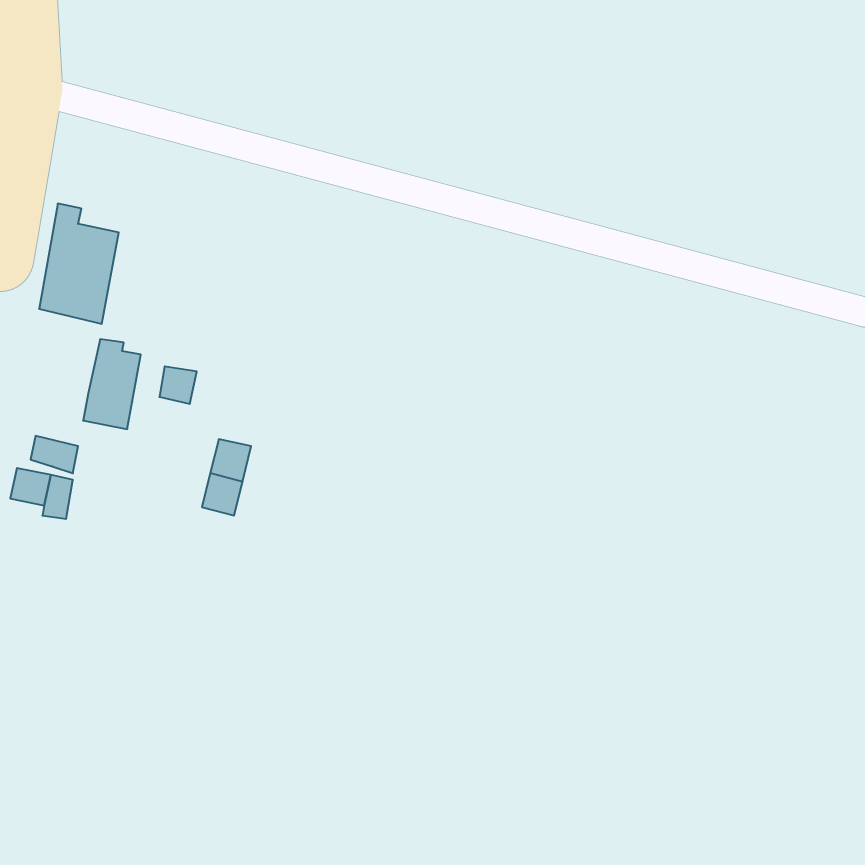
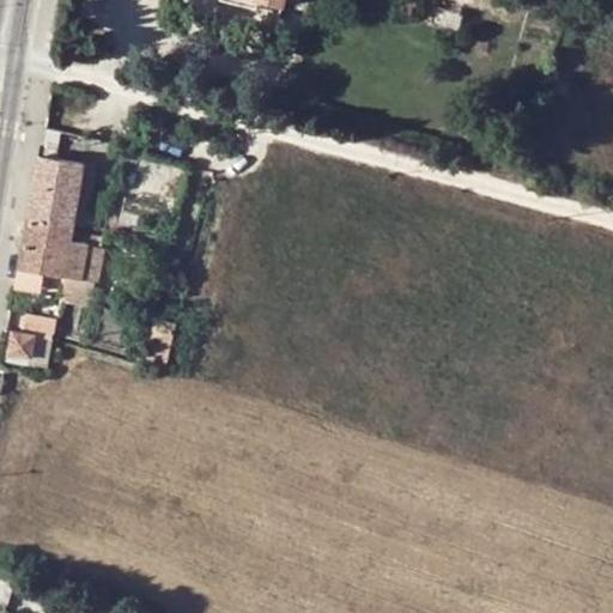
building: none -> [19,219,72,279]

